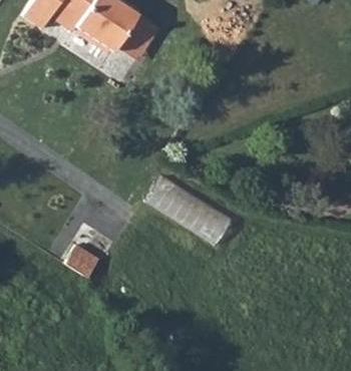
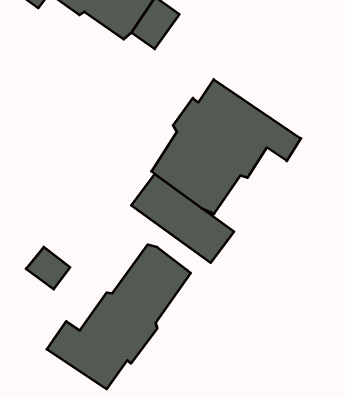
building: none -> [151,79,301,214]
building: none -> [47,245,191,389]

